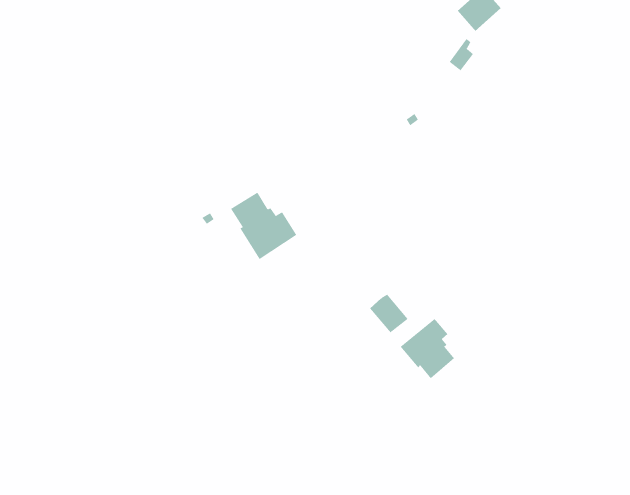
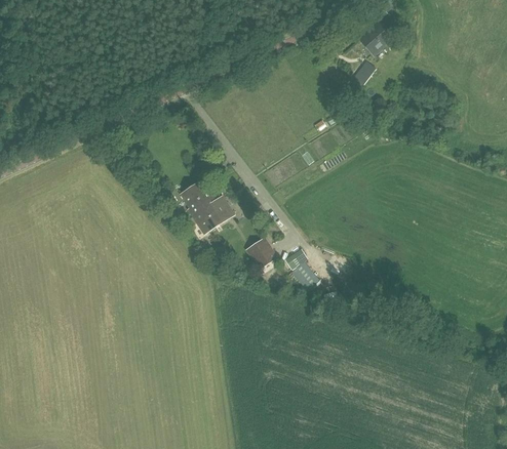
building: none -> [244,237,277,271]
building: [400,318,455,379] -> none

